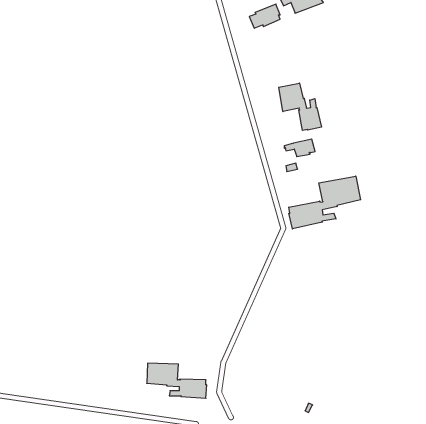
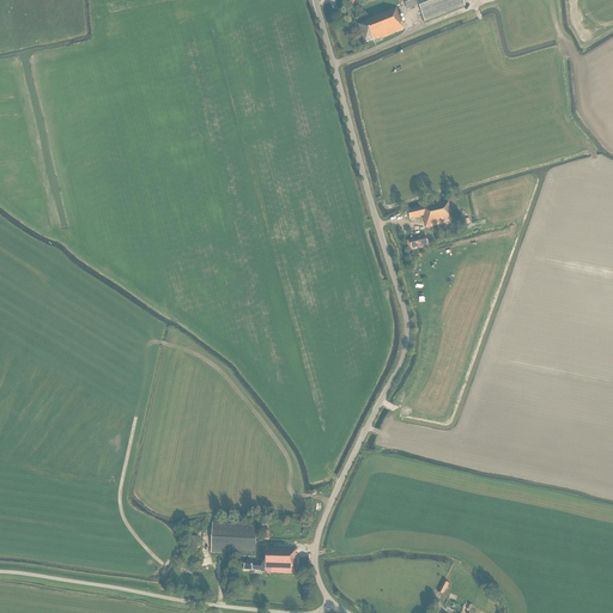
building: [279,83,321,130] -> none
building: [289,176,361,229] -> none

